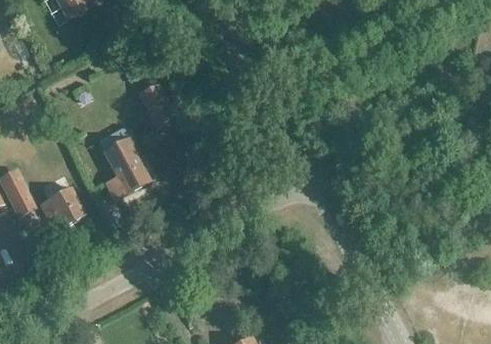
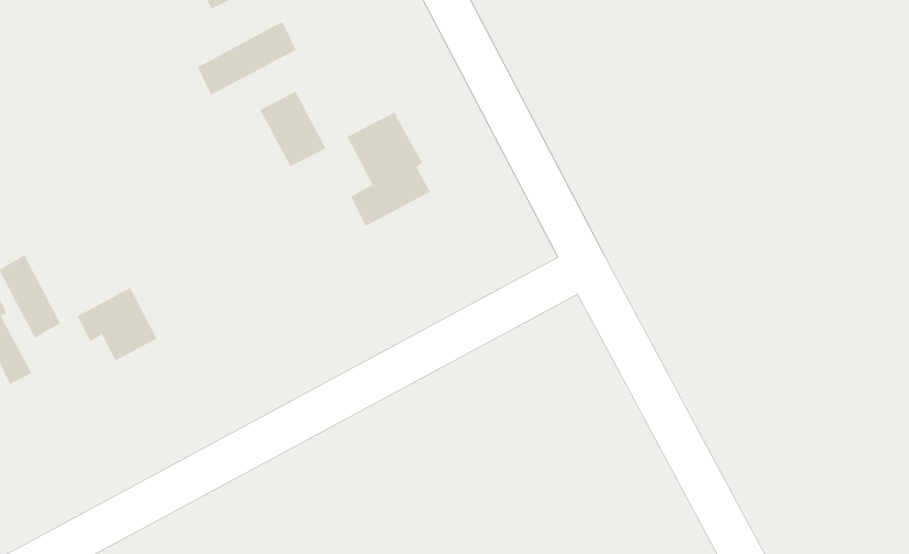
building: none -> [197,21,297,96]
building: [104,138,149,200] -> [346,111,431,227]

